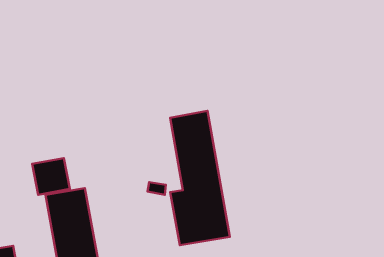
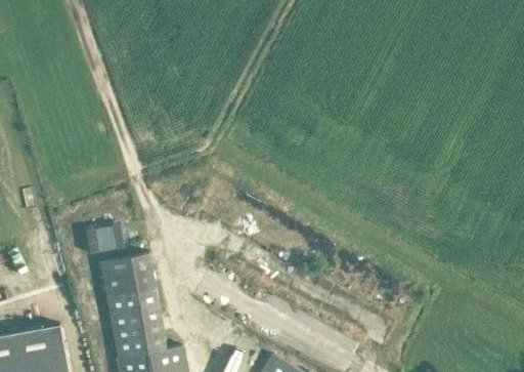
building: [170,111,230,245] -> none

